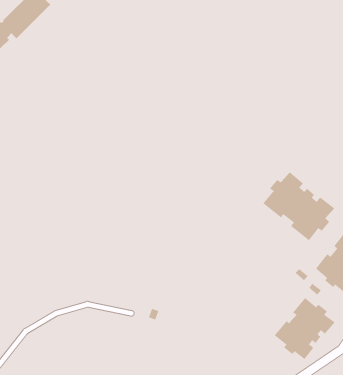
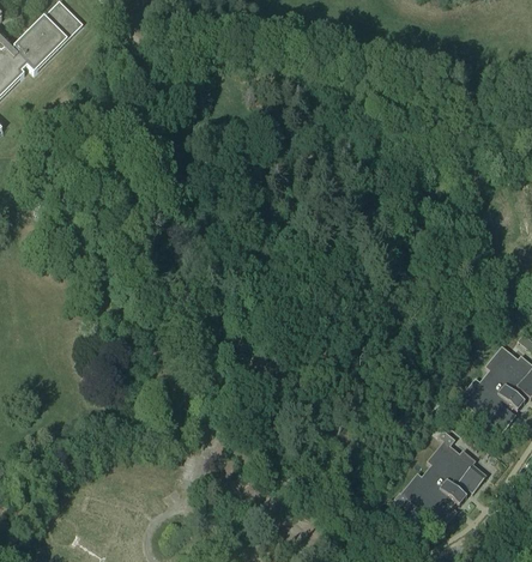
building: [263,171,335,241] -> none

